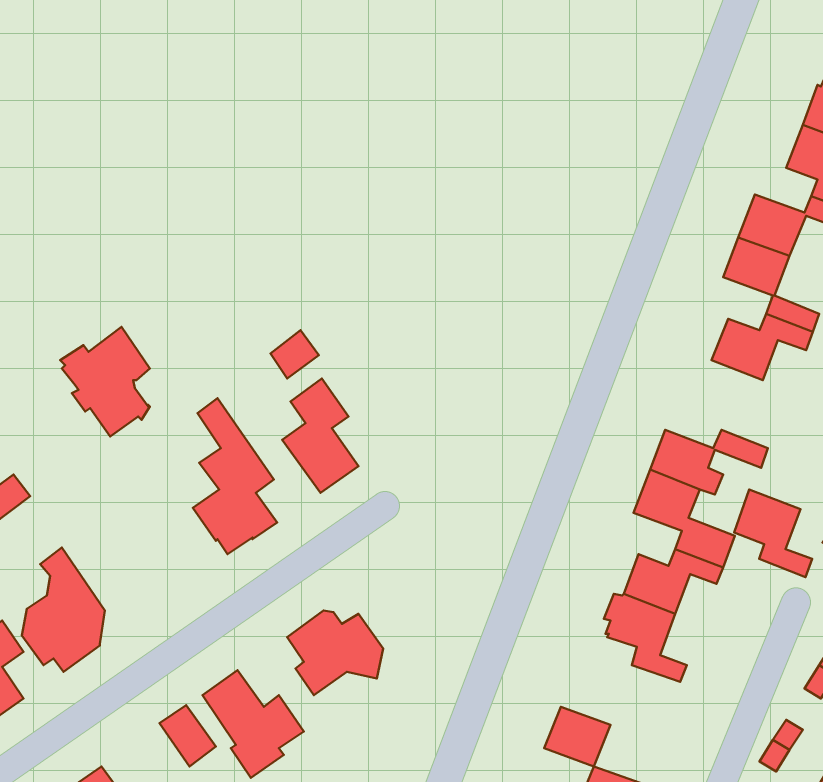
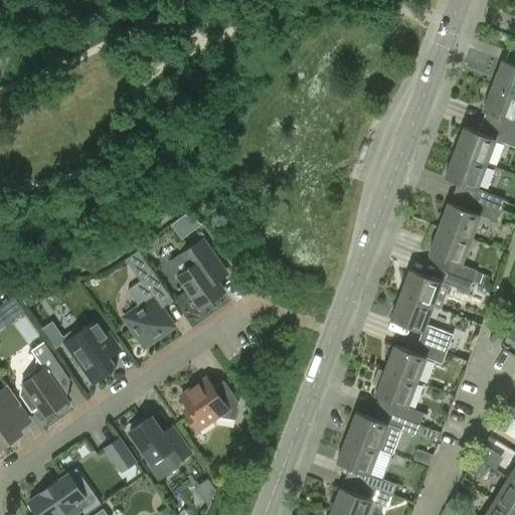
building: [60,327,150,436] -> [61,318,116,384]
building: [734,489,812,577] -> [428,228,476,282]
building: none -> [346,413,418,456]

